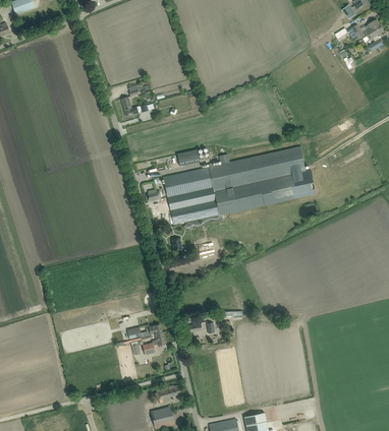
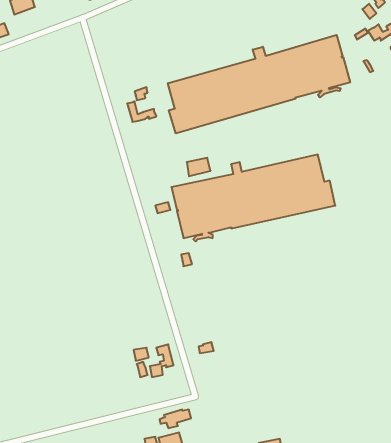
building: none -> [168,35,350,133]

